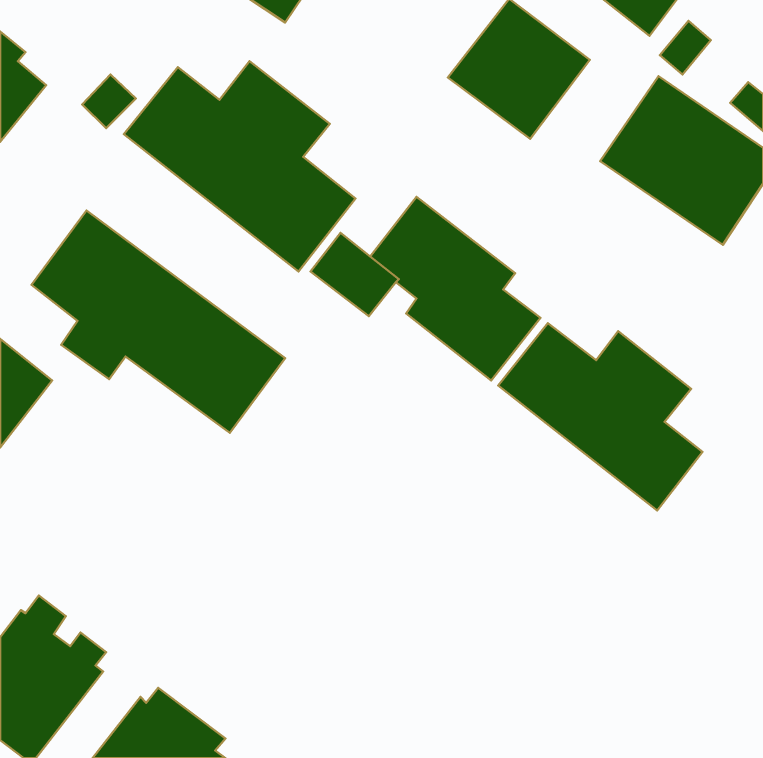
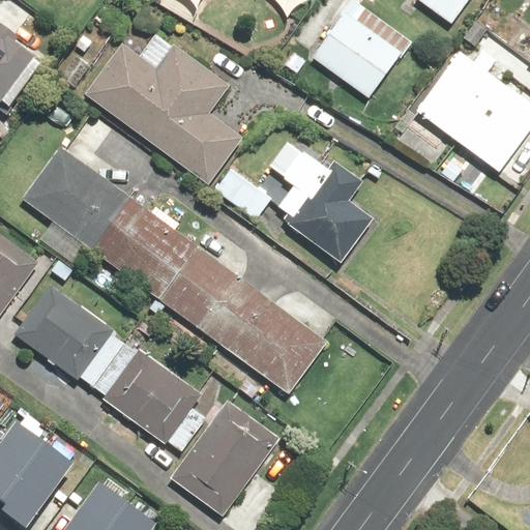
building: [498,323,703,511] -> none
building: none -> [159,248,326,394]
building: none -> [12,282,114,381]
building: none -> [100,349,201,445]
building: none -> [168,400,281,518]

